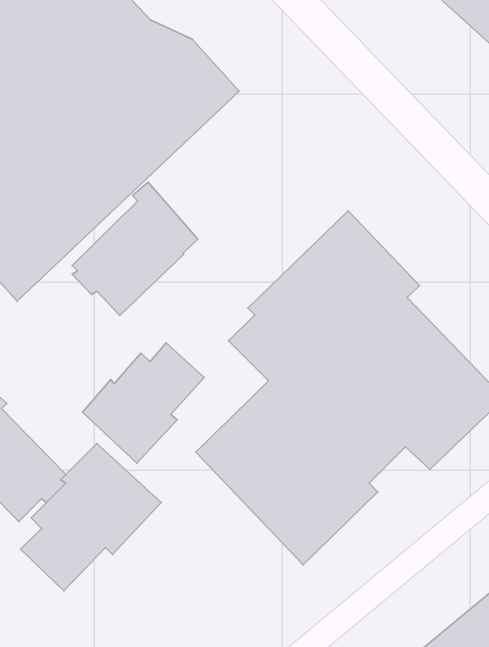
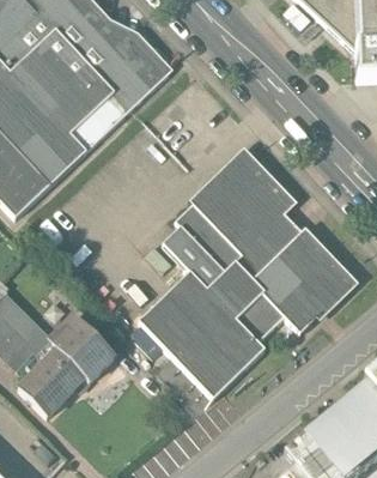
building: [72,182,198,315] -> none
building: [83,343,204,463] -> none

